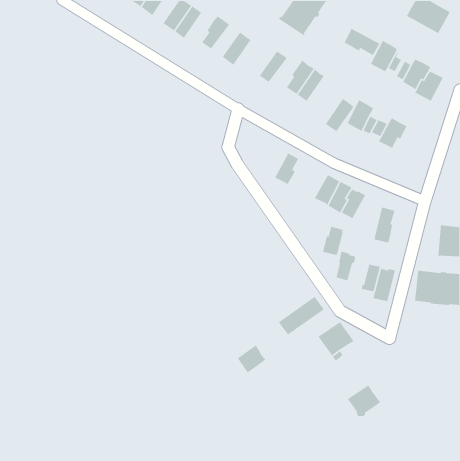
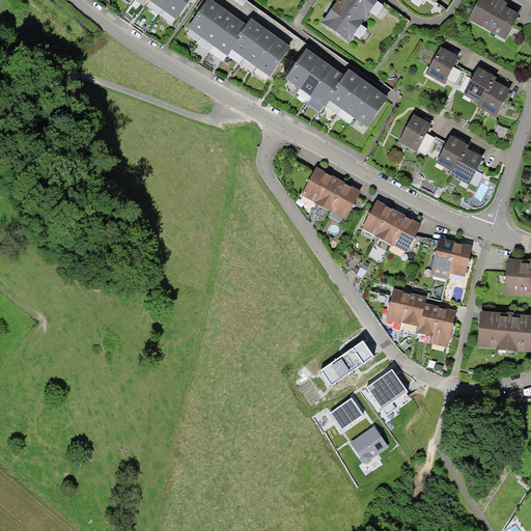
building: none -> [212,15,245,55]
building: none -> [243,28,276,65]
building: [343,28,381,56] -> none
building: none -> [284,49,318,87]
building: none -> [309,66,343,107]
building: [325,98,355,132] -> [353,87,387,127]
building: none -> [449,148,483,185]
building: none -> [301,167,331,204]
building: none -> [332,184,360,219]
building: none -> [449,243,472,277]
building: [322,226,344,256] -> [400,292,425,327]
building: [237,345,266,373] -> [329,397,363,430]
building: [347,384,381,417] -> [348,426,388,464]

